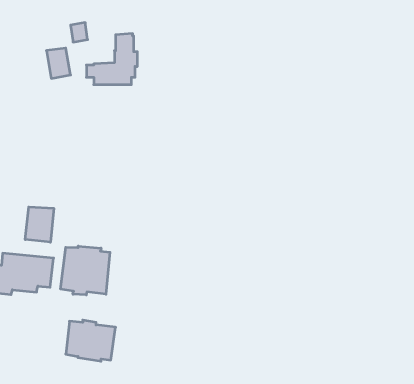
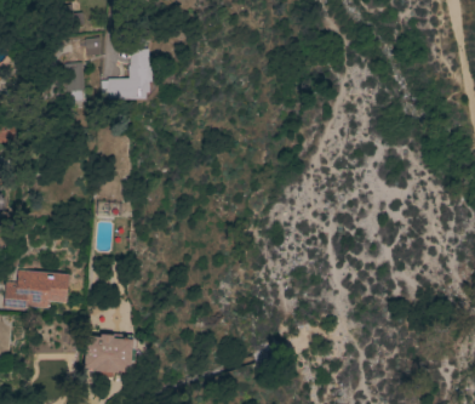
building: [25,207,54,242] -> none
building: [61,246,110,295] -> none

